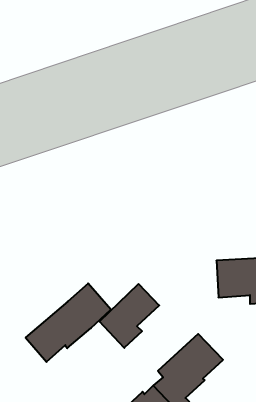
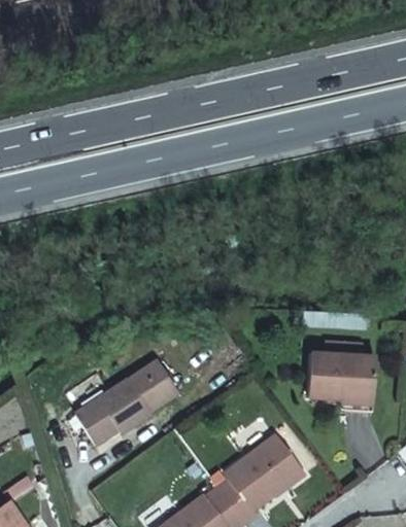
building: [99,284,159,348] -> none

